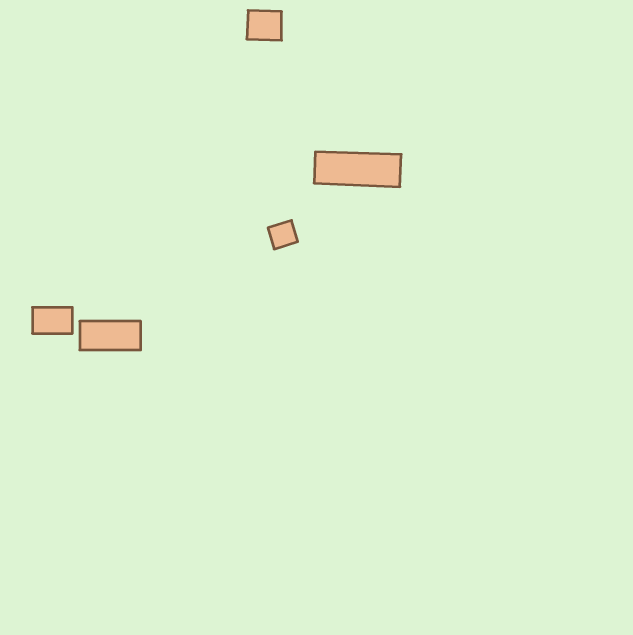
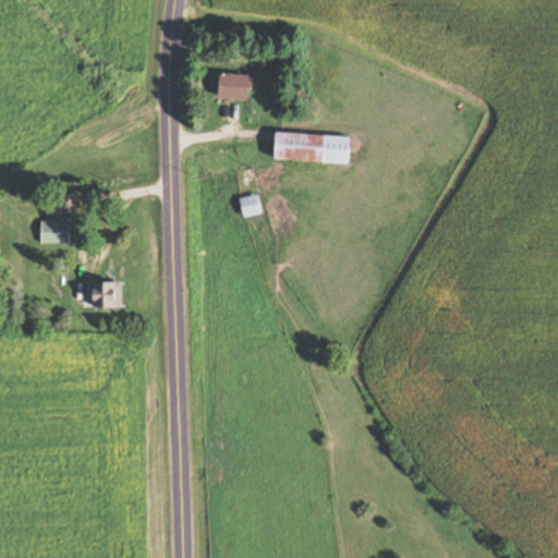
building: [247,10,282,40] -> [219,73,250,99]
building: [32,307,72,333] -> [35,220,70,243]

